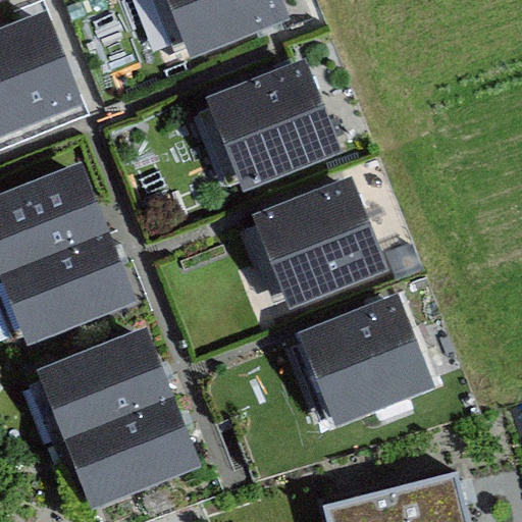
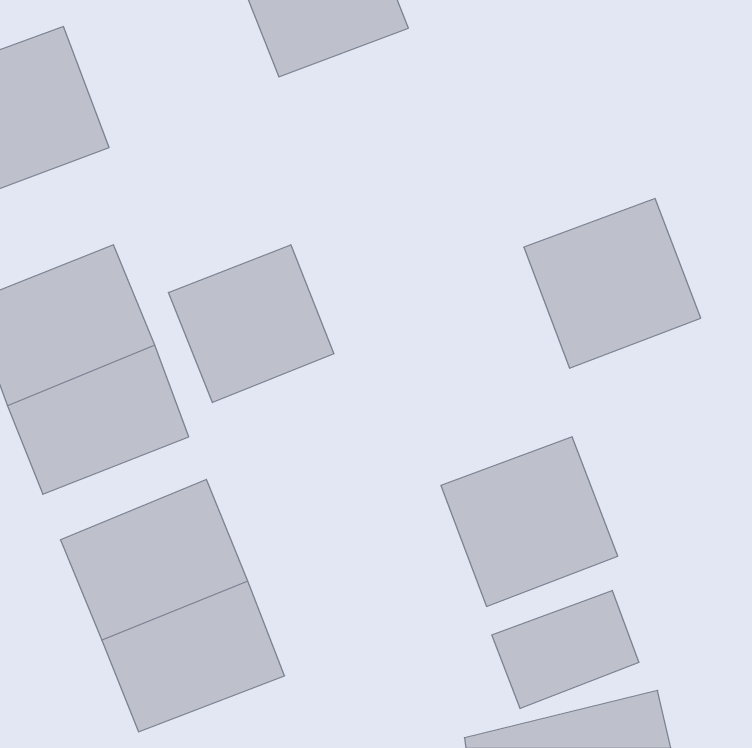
building: [214,68,336,186] -> none
building: none -> [168,245,334,403]
building: [258,187,380,304] -> [524,199,701,368]
building: none -> [492,590,639,709]

